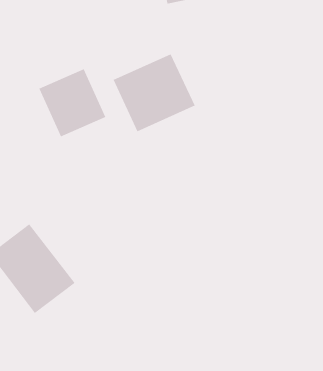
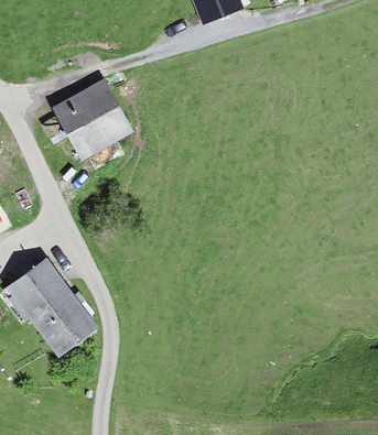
building: [113,53,195,132] -> none

